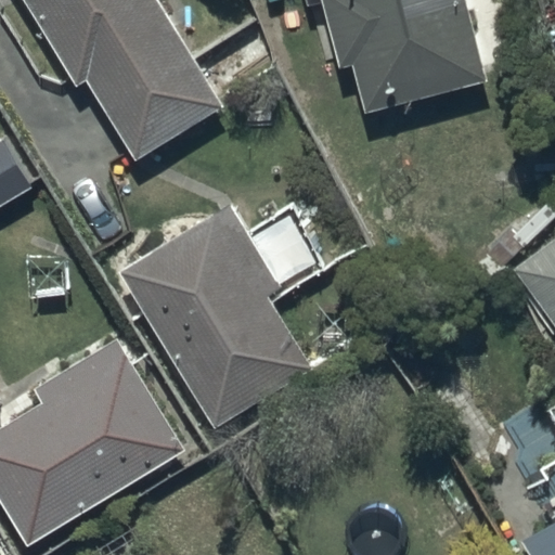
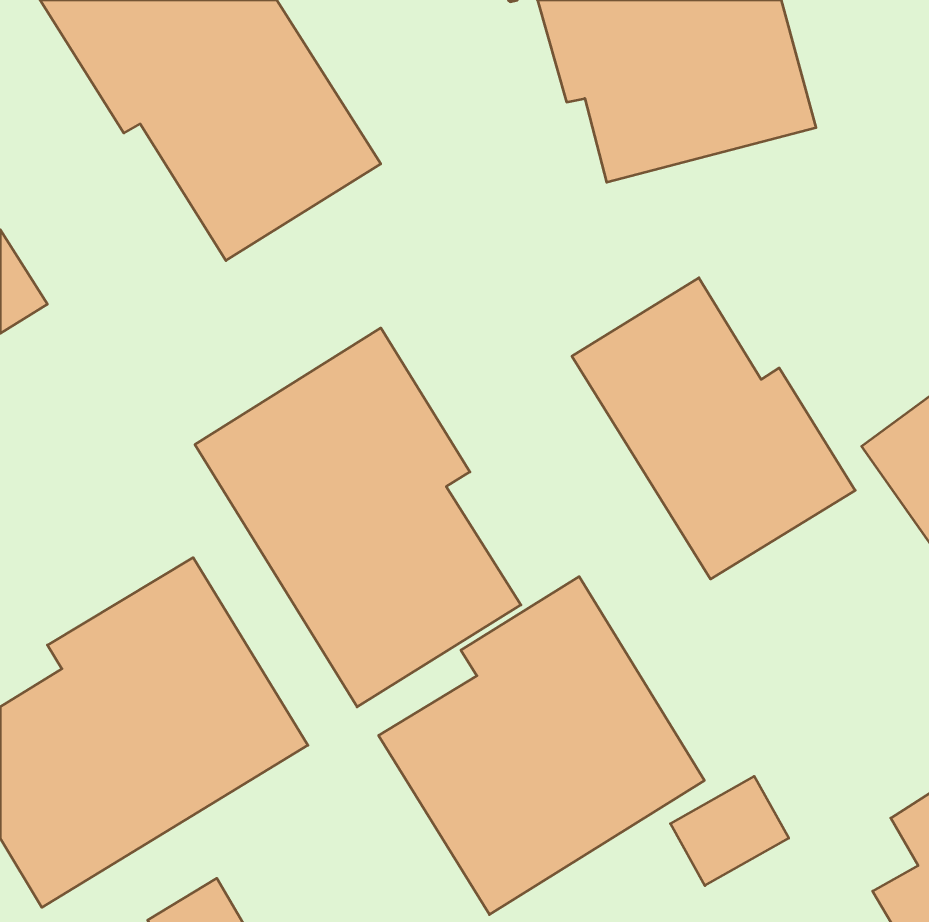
building: none -> [572,278,855,579]
building: none -> [379,577,704,915]

